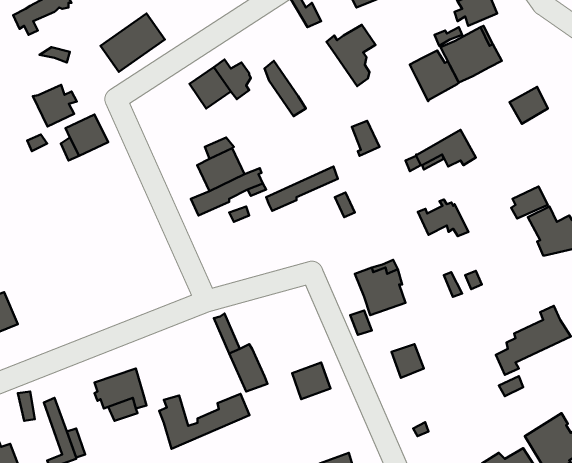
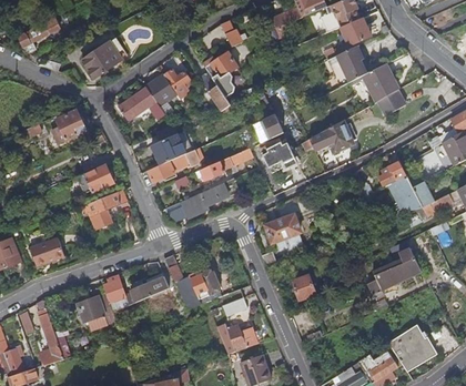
building: [327,25,376,86] -> [202,51,237,95]
building: [410,51,459,101] -> [363,64,398,101]
building: none -> [118,87,165,121]
building: [33,85,77,126] -> none
building: none -> [80,158,120,192]
building: [418,200,468,236] -> [260,138,296,164]
building: none -> [181,176,239,216]
building: none -> [80,190,128,228]
building: none -> [30,237,64,266]
building: none -> [191,270,221,298]
building: [159,394,250,449] -> [103,272,169,312]
building: none -> [217,324,257,353]

